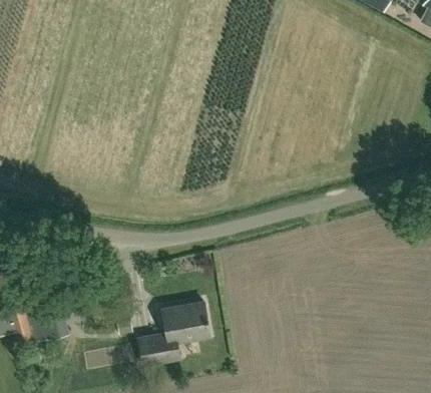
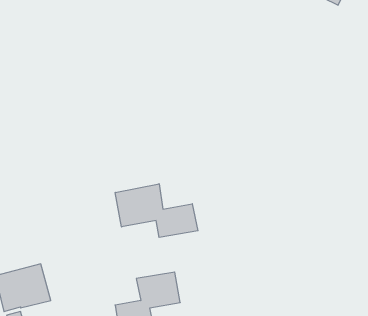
building: none -> [115,184,198,237]

